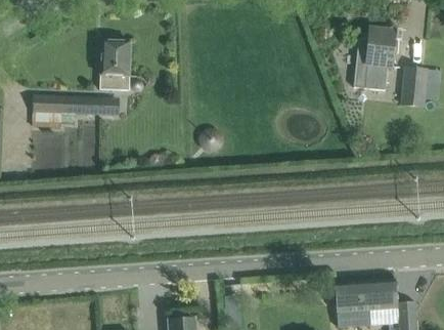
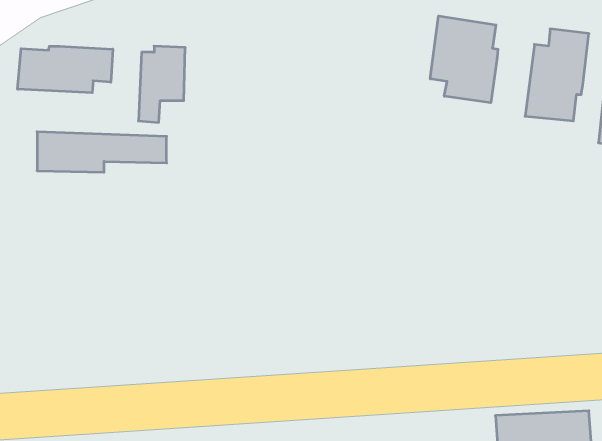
building: none -> [430,16,498,103]
building: none -> [18,46,113,93]

